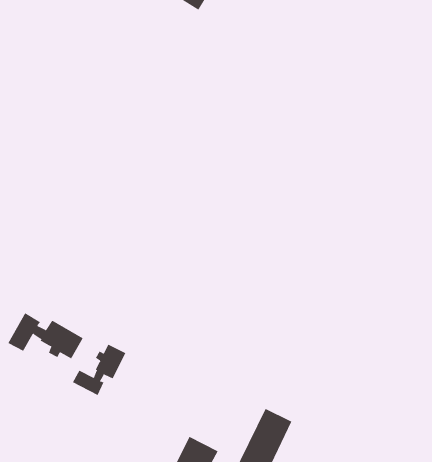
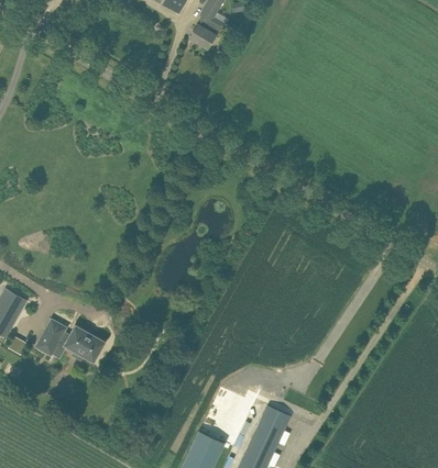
building: [72,344,126,396] -> none

